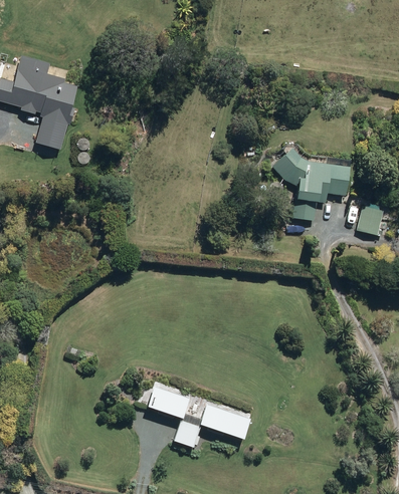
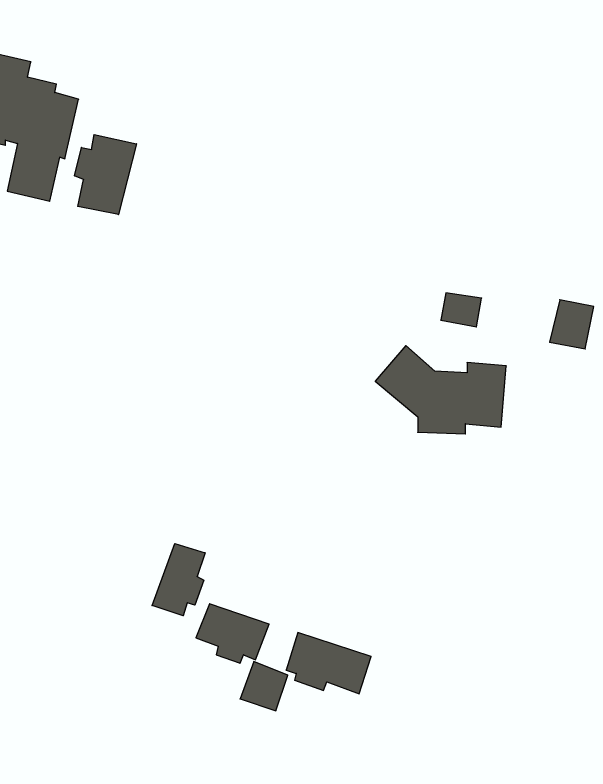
building: none -> [75,135,136,215]
building: [273,147,351,199] -> [375,346,506,434]
building: none -> [152,544,205,616]

